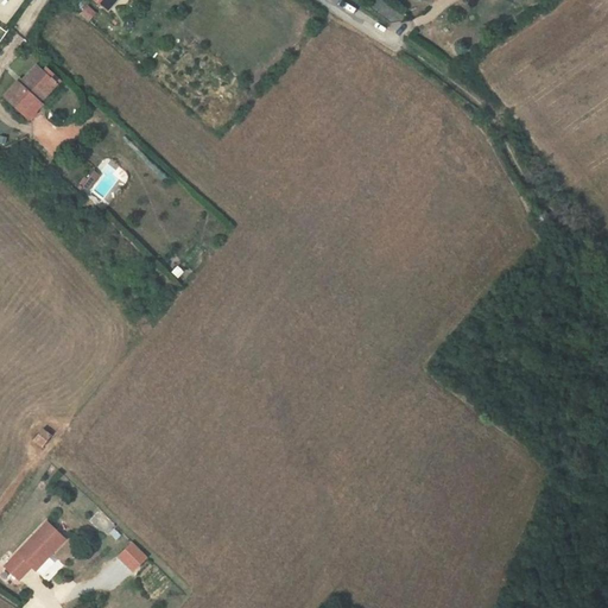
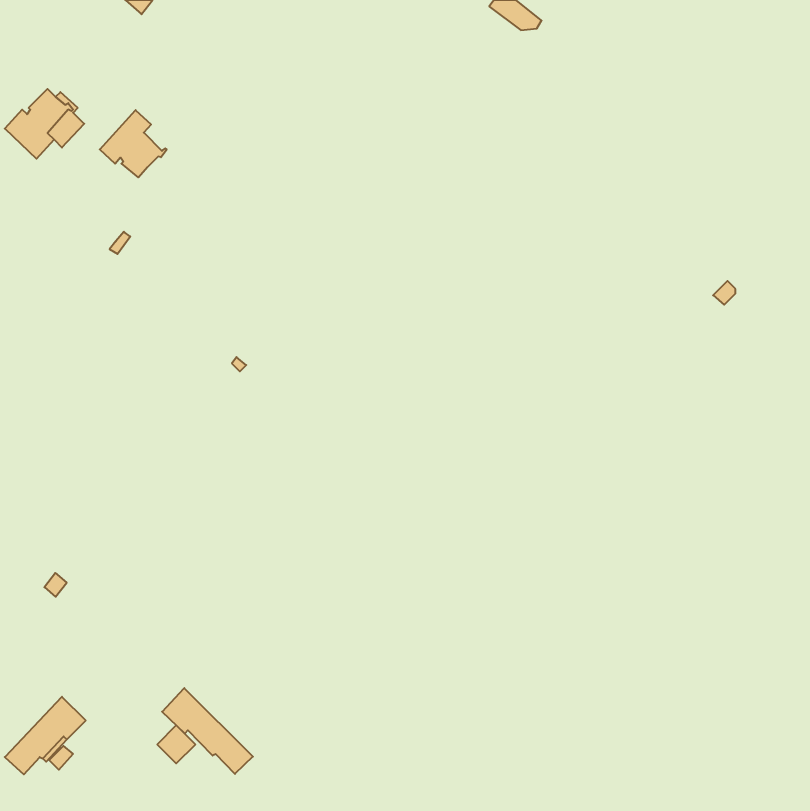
building: none -> [100,110,167,177]
building: none -> [162,688,253,774]

